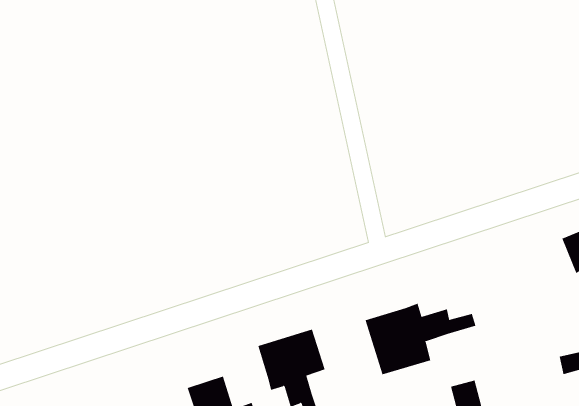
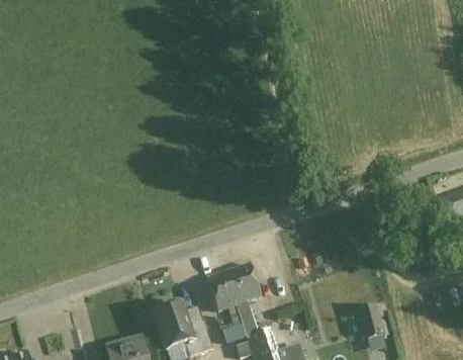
building: [365,303,476,375] -> none

